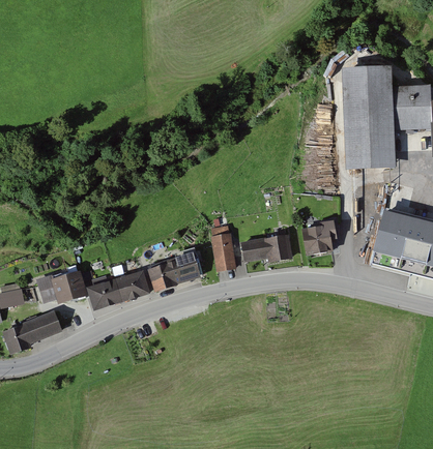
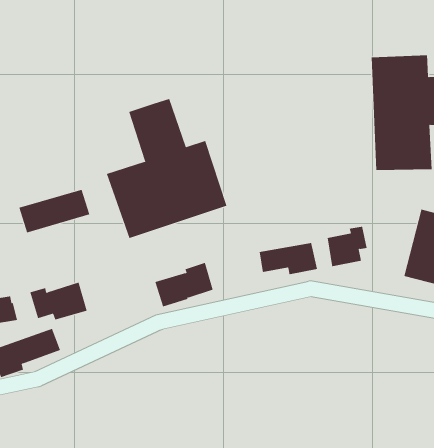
building: none -> [106,98,227,239]
building: [210,223,236,271] -> none
building: [86,270,150,309] -> [19,189,90,233]

